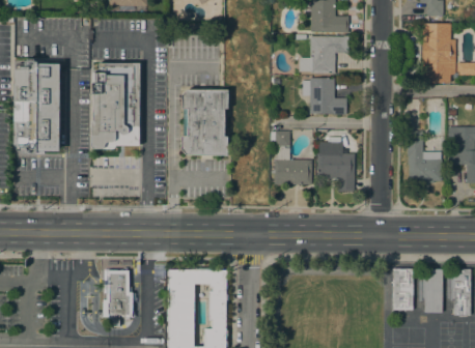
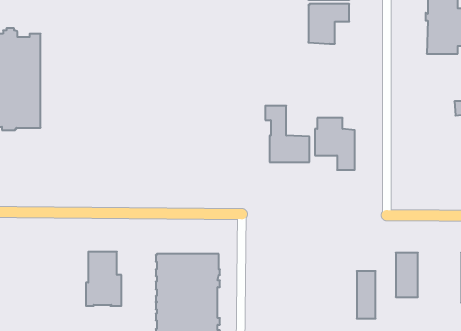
building: [90,62,140,148] -> none
building: [302,77,346,114] -> none
building: [180,89,227,155] -> none
building: [401,131,441,182] -> none
building: [424,268,442,313] -> [357,271,376,319]

